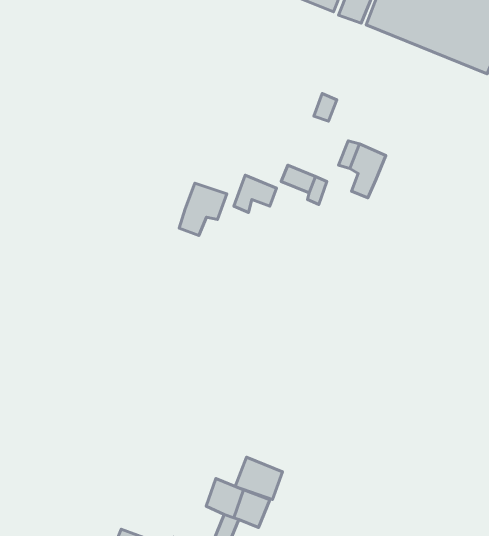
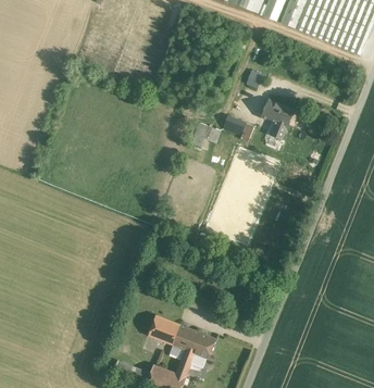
building: [179,183,227,236] -> none
building: [235,457,282,499] -> [147,313,178,341]

